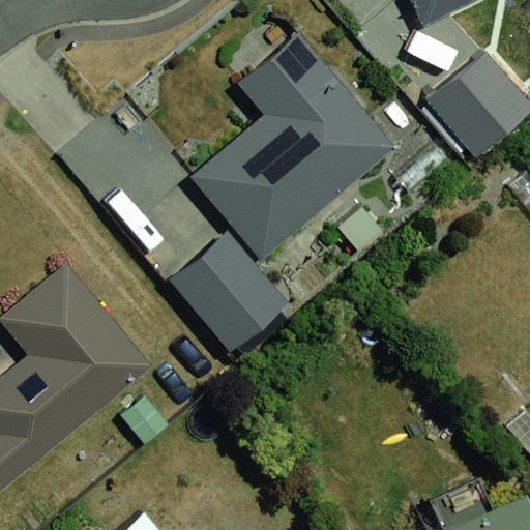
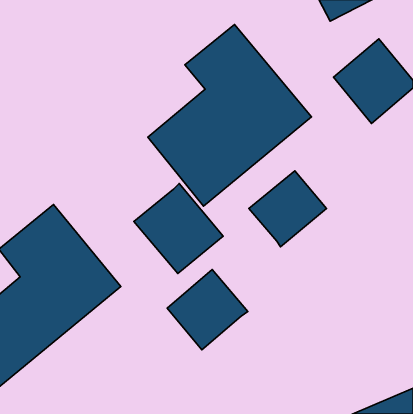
building: none -> [249,171,326,247]
building: none -> [167,270,248,350]

